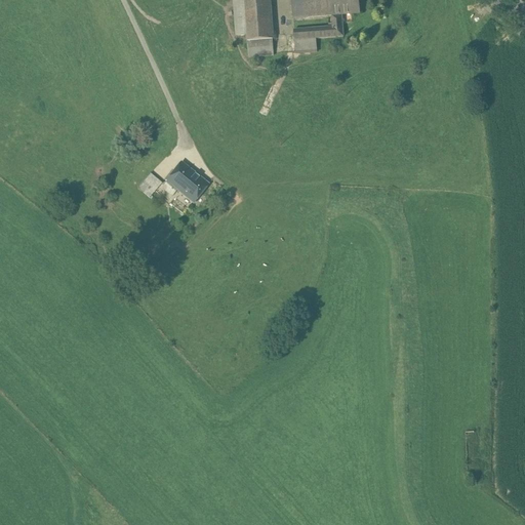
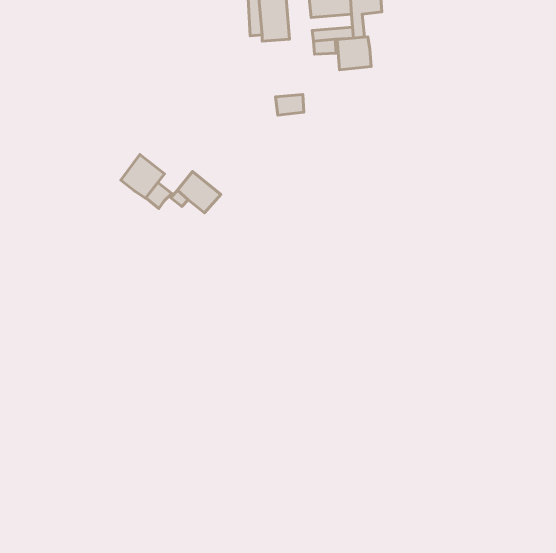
building: none -> [337,37,371,70]
building: [247,37,274,56] -> [276,95,304,115]
building: none -> [121,155,164,198]

